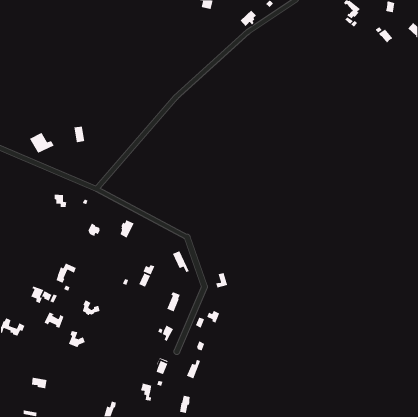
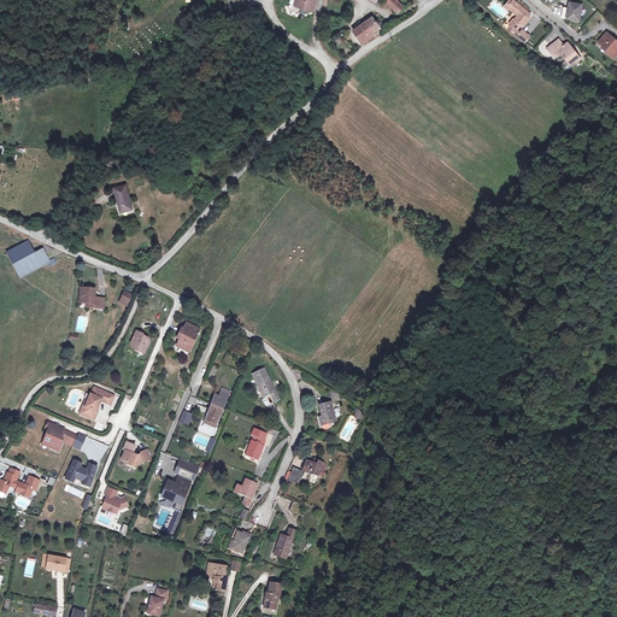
building: [29,132,55,154] -> [8,242,47,275]
building: none -> [163,457,200,509]

